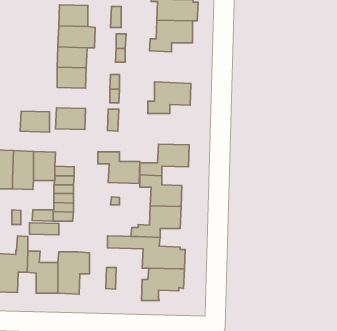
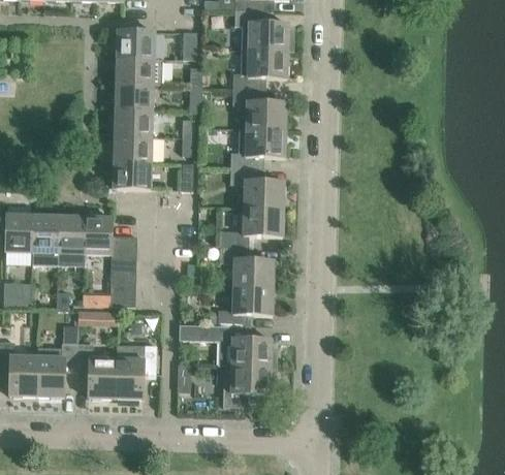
building: none -> [232,89,286,130]
building: [20,111,49,132] -> [114,135,151,162]
building: [98,152,140,183] -> [230,168,284,209]

